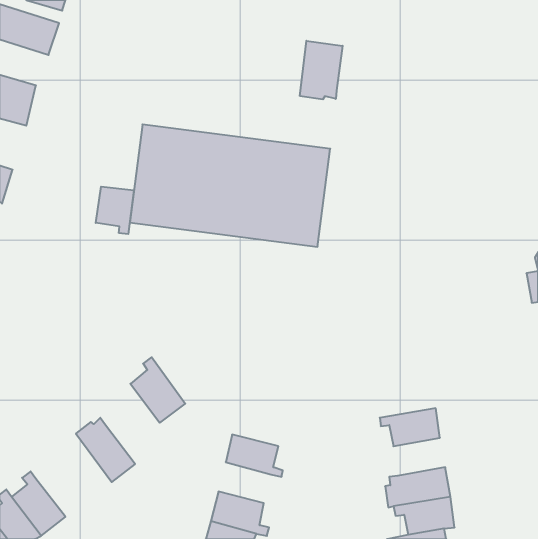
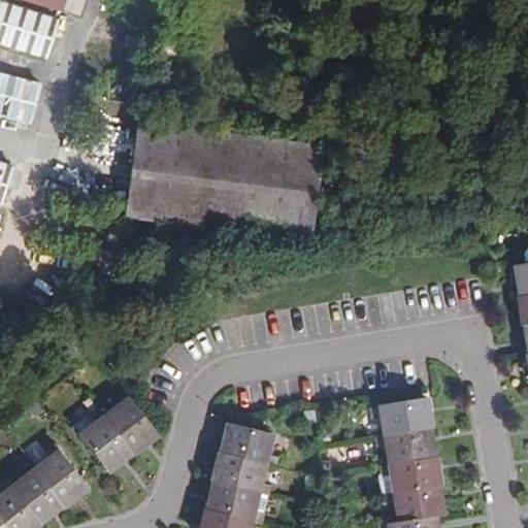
building: [300,41,343,99] -> none
building: [96,187,134,234] -> none
building: [130,357,185,423] -> [103,390,157,454]
building: none -> [376,428,435,465]
building: none -> [35,444,86,505]
building: none -> [213,452,270,495]

